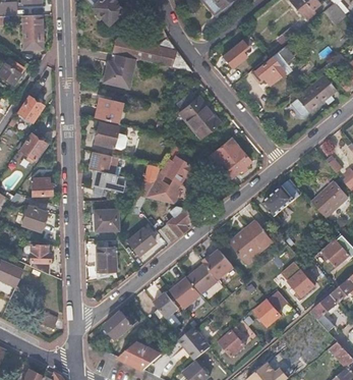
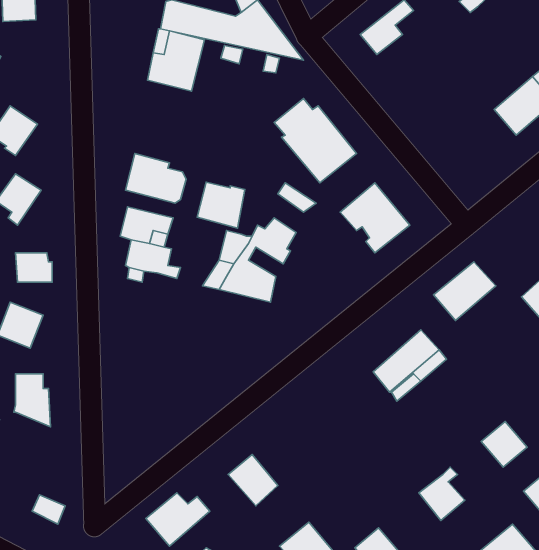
building: [252,43,298,85] -> none
building: [95,98,121,123] -> [197,182,245,228]
building: [161,206,192,242] -> none
building: [95,210,117,231] -> none
building: [126,227,156,255] -> none
building: [95,247,115,272] -> none
building: [167,248,233,308] -> none

